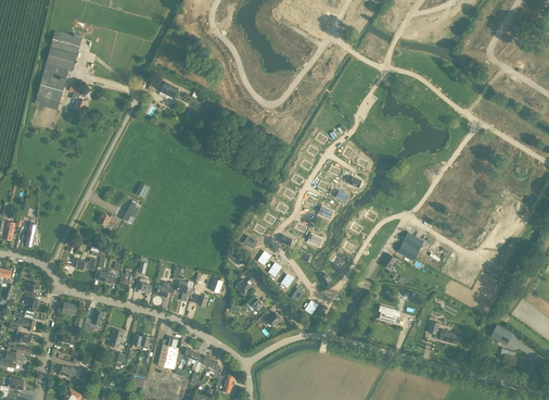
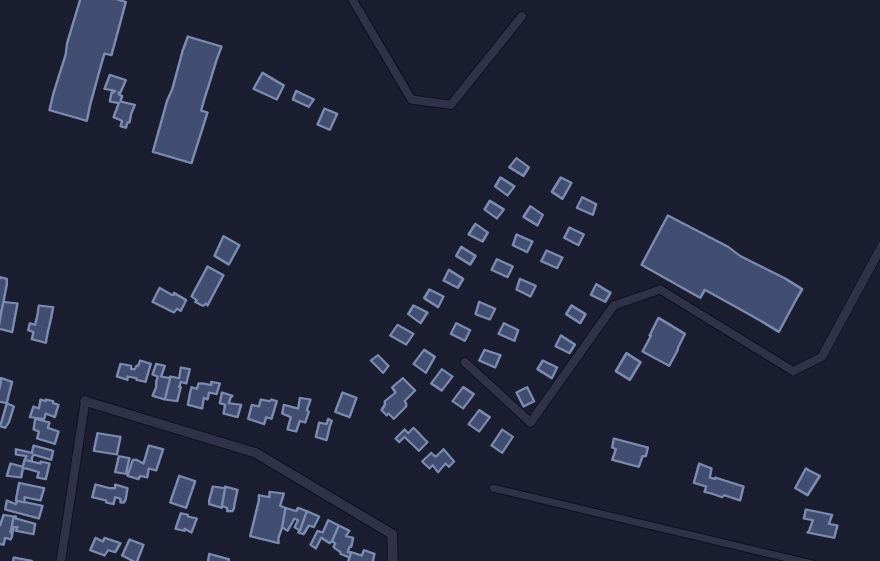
building: none -> [153,36,221,163]
building: none -> [642,216,802,332]

